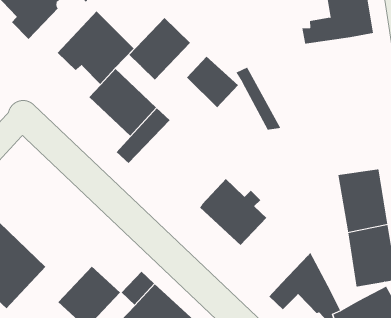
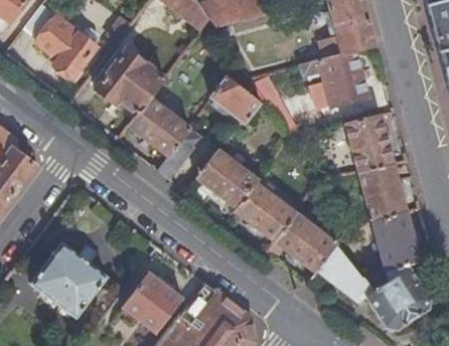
building: [129,17,191,81] -> none
building: none -> [301,48,369,107]
building: none -> [344,113,394,171]
building: none -> [199,150,261,209]
building: none -> [278,215,338,272]

